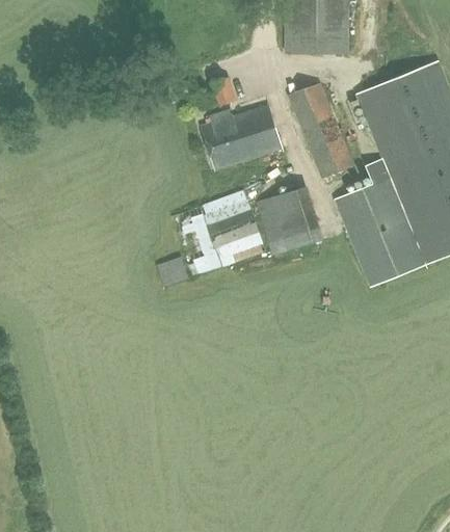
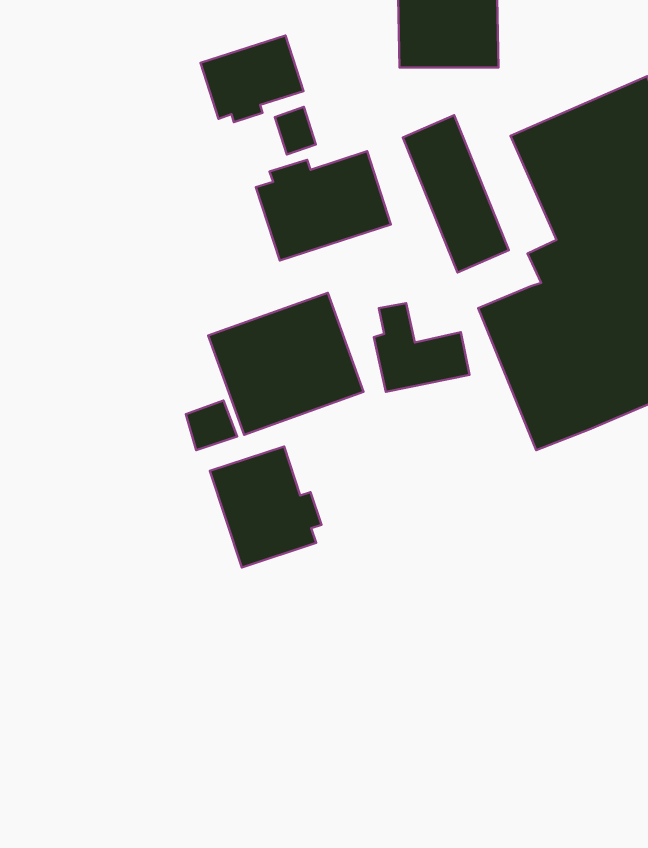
building: none -> [201,35,304,122]
building: none -> [210,446,321,567]

